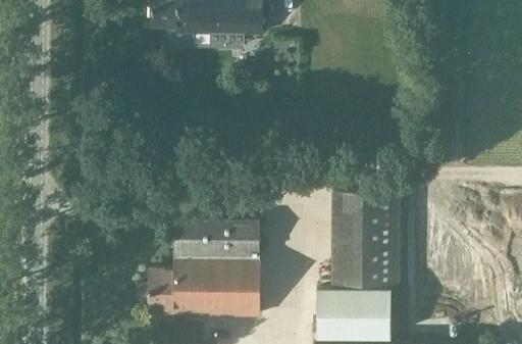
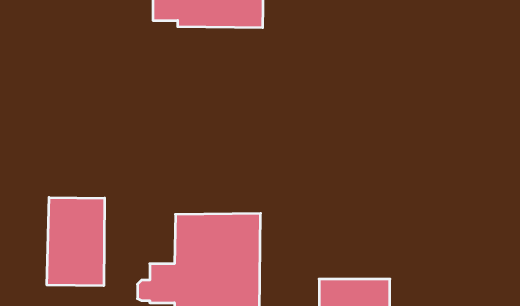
building: [332,188,399,281] -> none
building: none -> [47,197,105,286]

